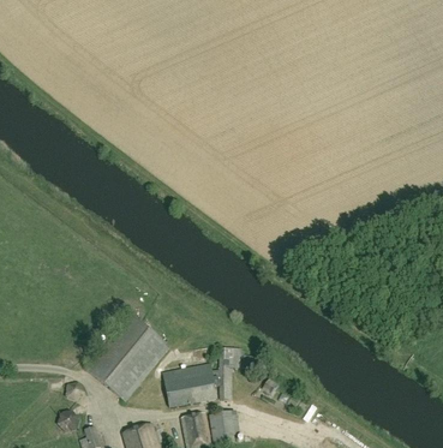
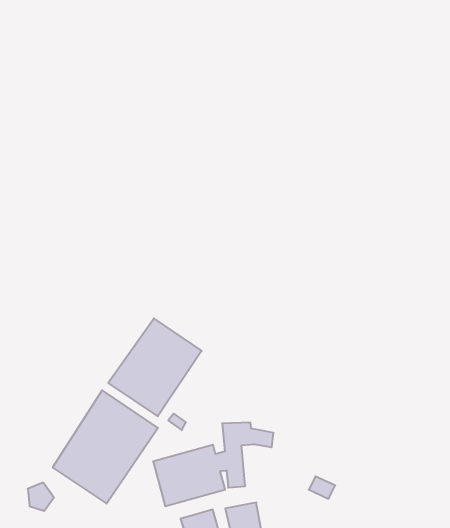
building: none -> [108,318,202,416]

